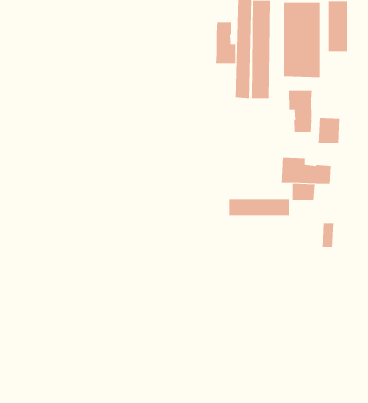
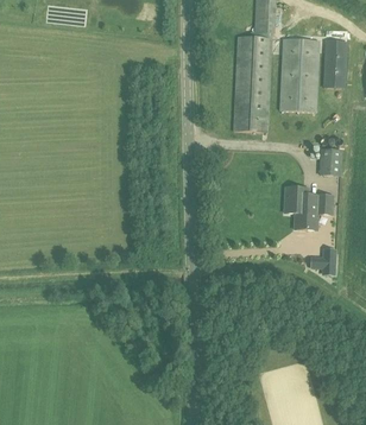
building: [216,21,236,64] -> none
building: [289,90,312,133] -> none
building: [229,199,290,216] -> none

